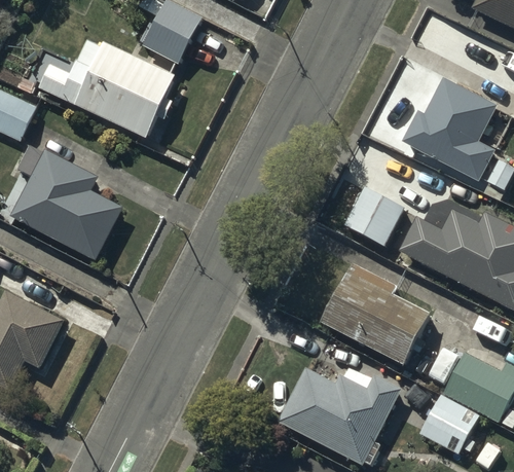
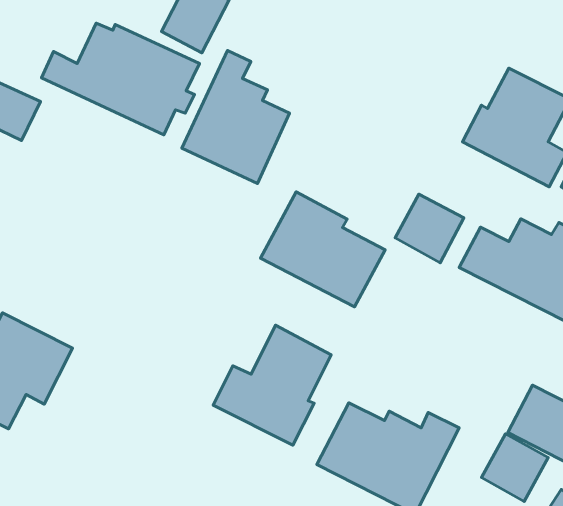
building: none -> [182,50,290,183]
building: [9,144,119,258] -> none
building: [321,262,429,362] -> [261,192,385,307]
building: none -> [213,325,331,445]

